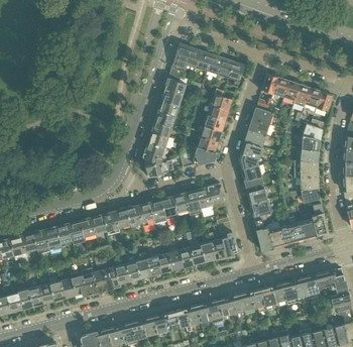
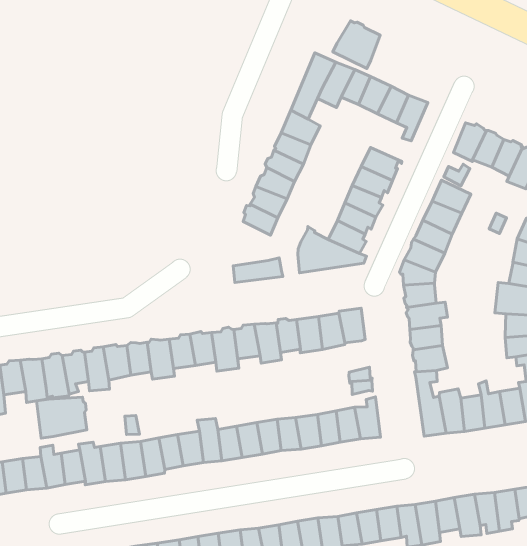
building: none -> [333,21,380,68]
building: [143,142,167,167] -> none
building: none -> [36,397,87,438]

